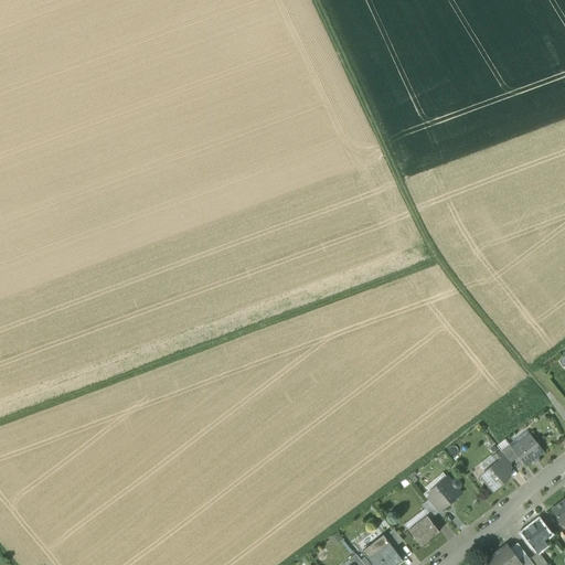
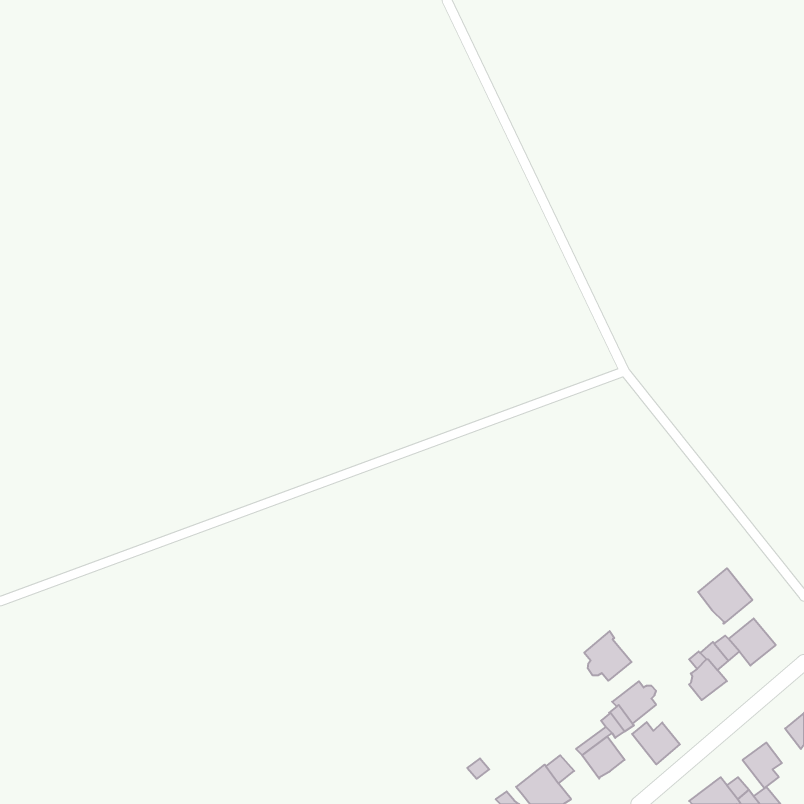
building: none -> [698,568,752,624]
building: none -> [584,631,632,681]
building: none -> [632,722,680,764]

